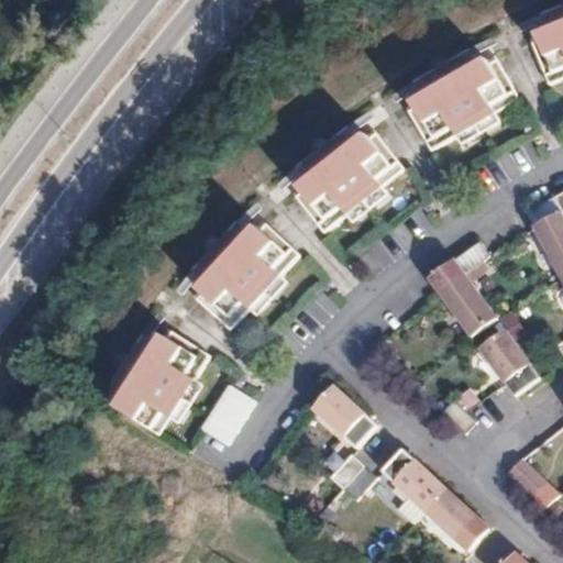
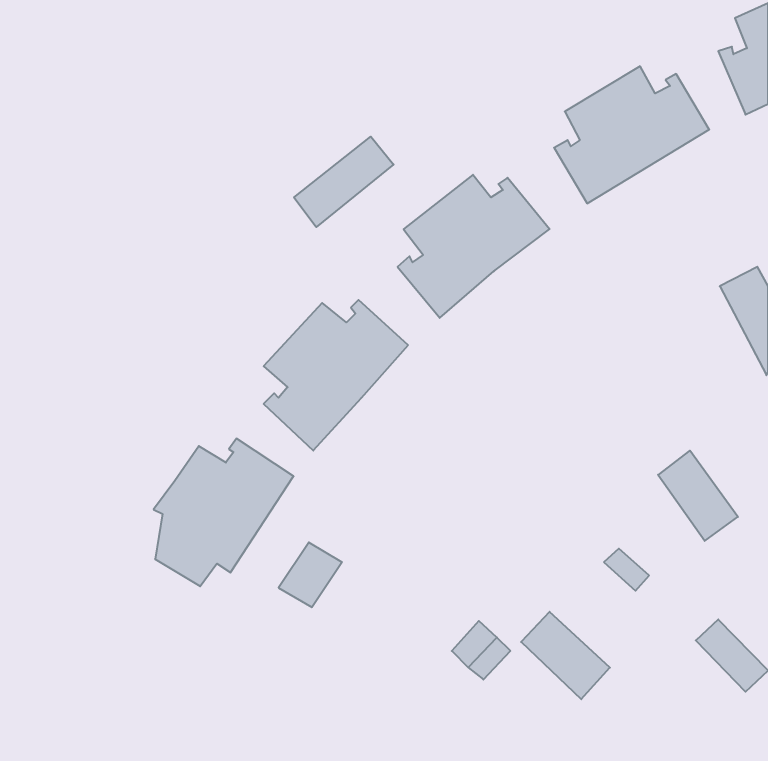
building: none -> [294,137,394,227]
building: [428,258,496,335] -> none
building: [312,385,376,446] -> none
building: [424,487,489,550] -> none

